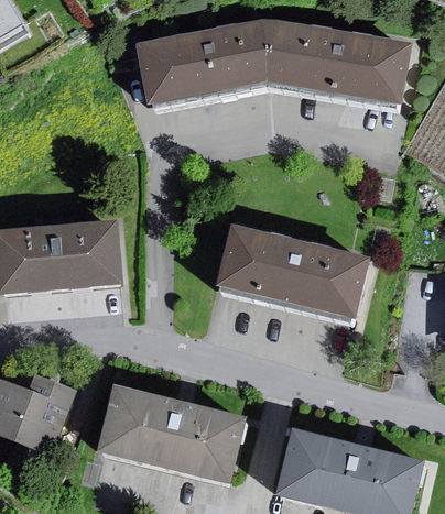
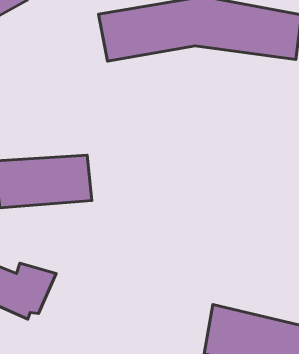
building: [219,230,370,322] -> none
building: [101,389,249,486] -> none

